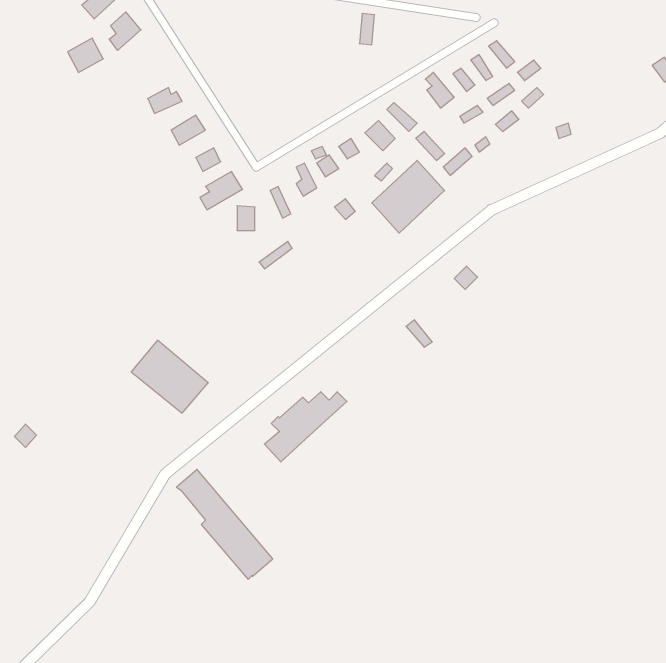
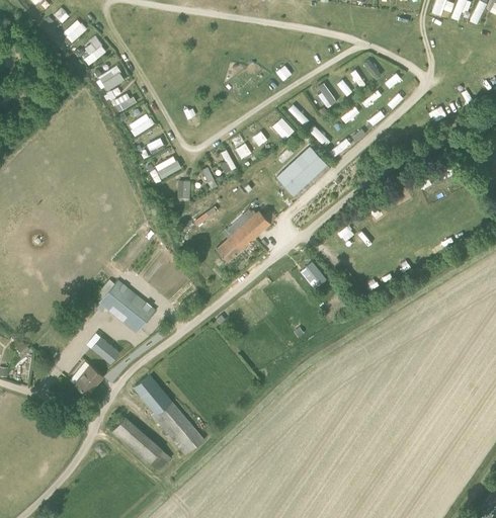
building: [68,38,103,72] -> [98,66,125,91]
building: [264,392,347,462] -> [216,210,276,262]
building: none -> [91,337,119,364]
building: none -> [74,366,102,396]
building: none -> [112,418,162,464]

